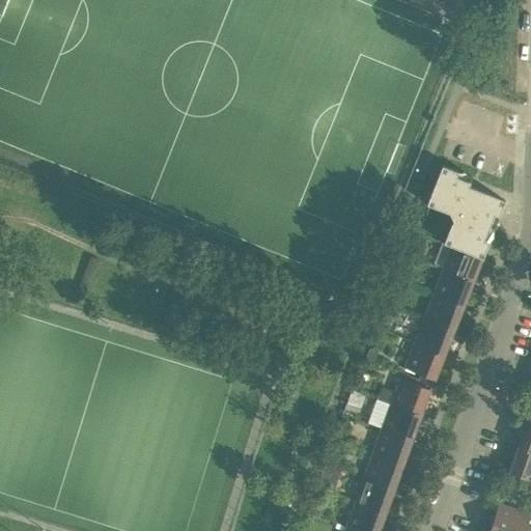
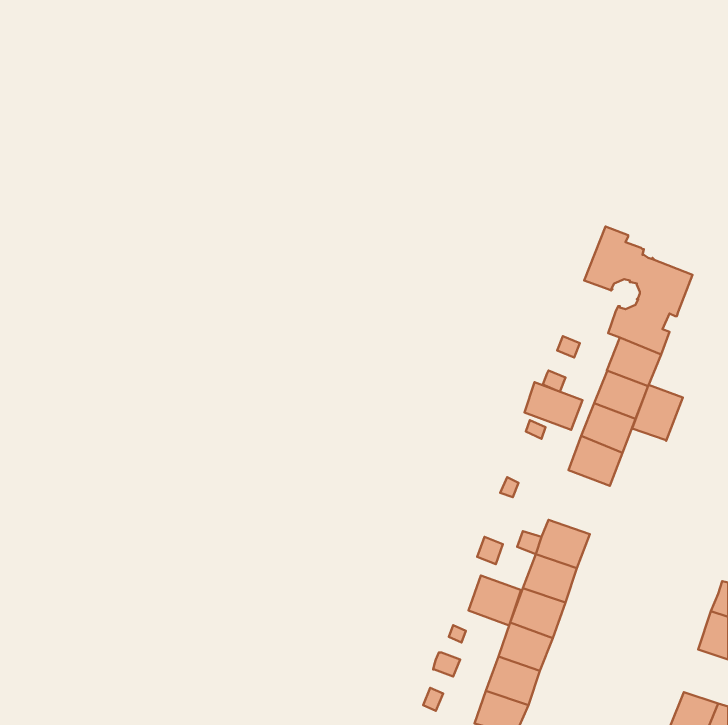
building: none -> [525,382,583,430]
building: none -> [632,385,683,441]
building: [403,344,444,382] -> none
building: none -> [468,575,522,625]

